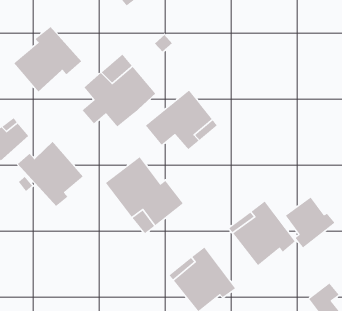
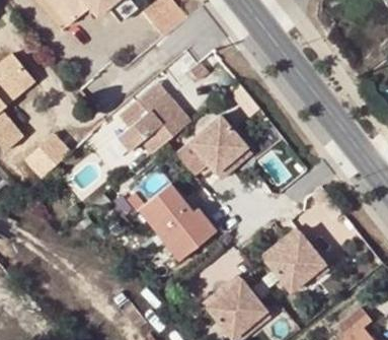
building: [13,26,82,92] -> none
building: [17,141,84,207] -> none
building: [285,197,336,248] -> none

